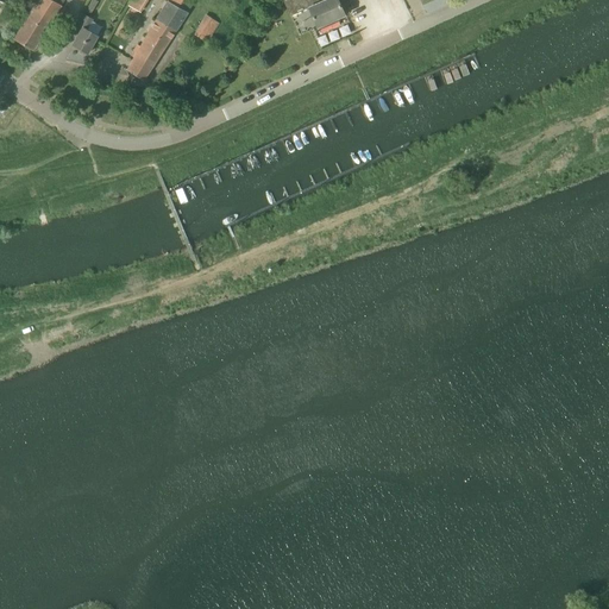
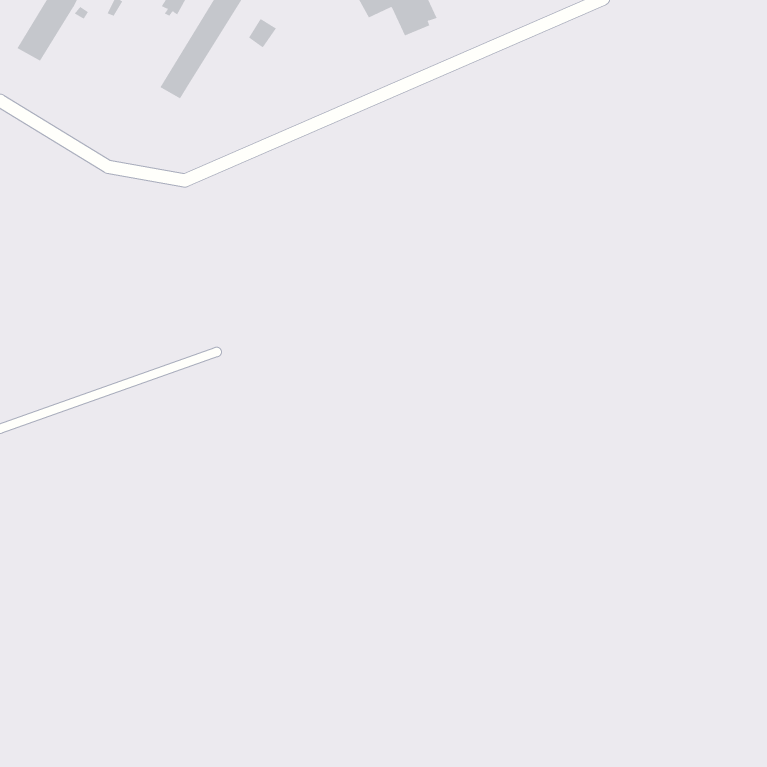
building: [73,12,99,54] -> none

